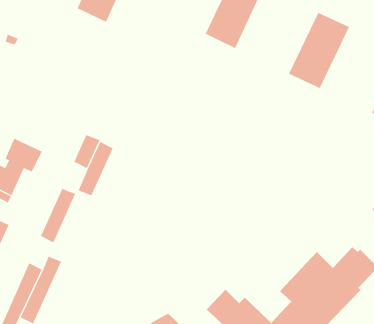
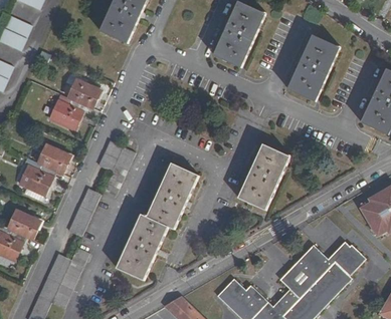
building: none -> [49,77,101,128]
building: none -> [236,142,289,209]
building: none -> [117,162,198,279]

